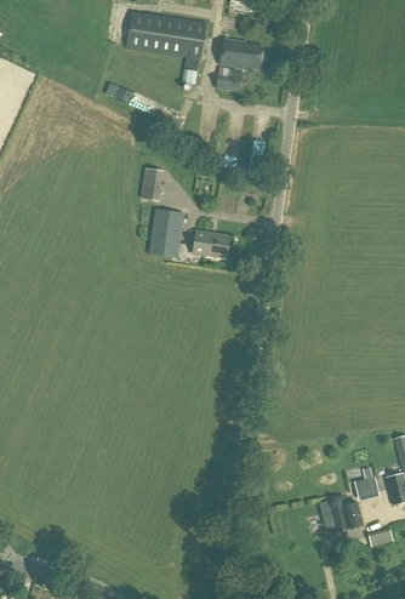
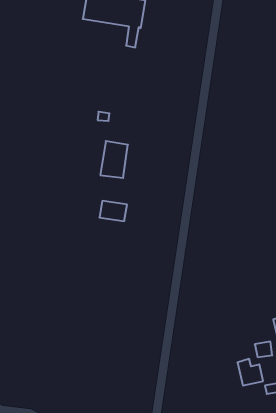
building: [216,39,263,91] -> none
building: [193,232,229,258] -> [99,201,127,221]

